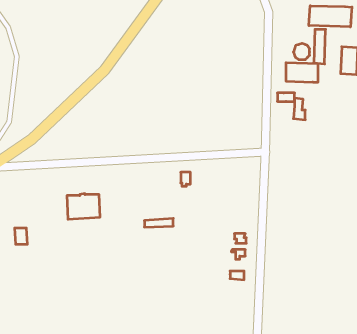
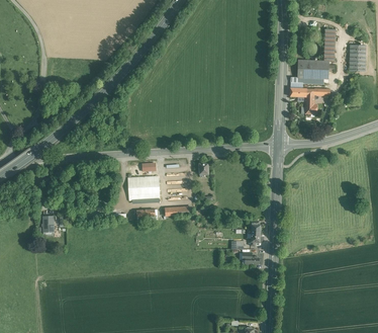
building: [309,6,352,27] -> none
building: [67,194,100,219] -> [128,176,160,200]

